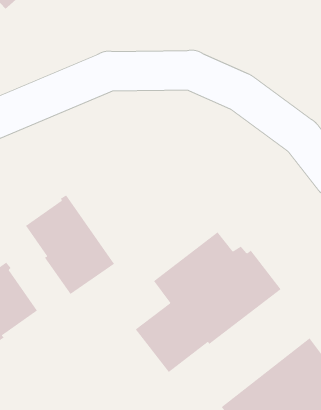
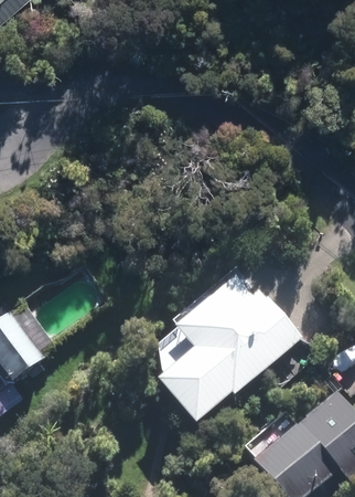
building: [25,195,115,295] -> none

